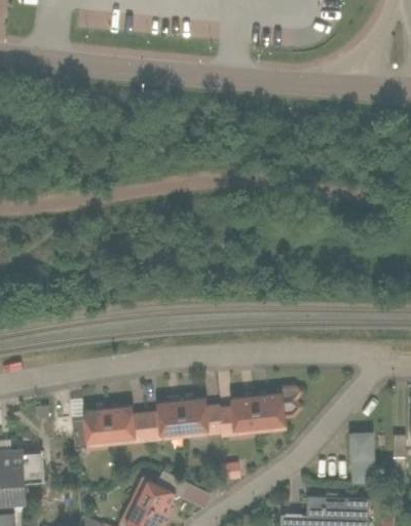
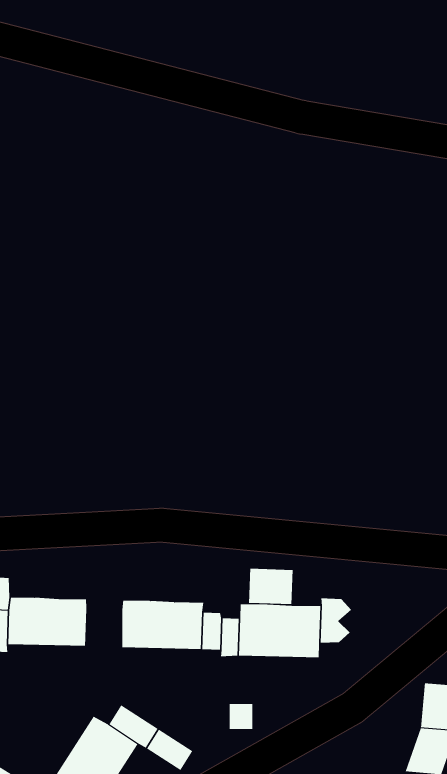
building: none -> [248,568,293,605]
building: [132,412,156,438] -> none

